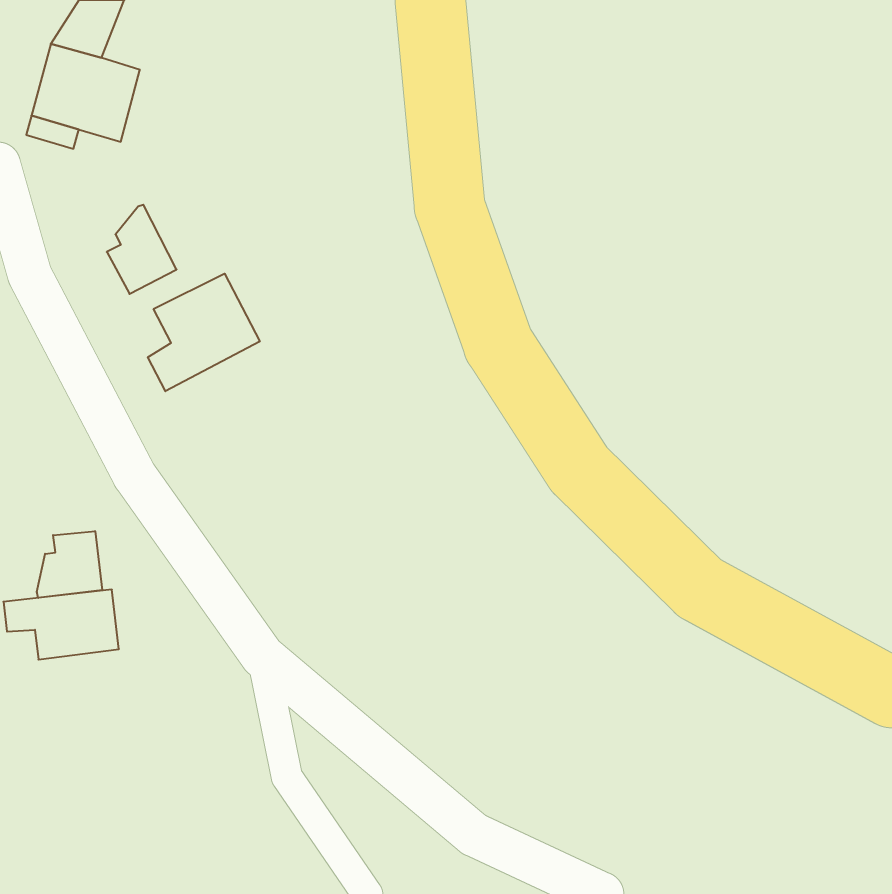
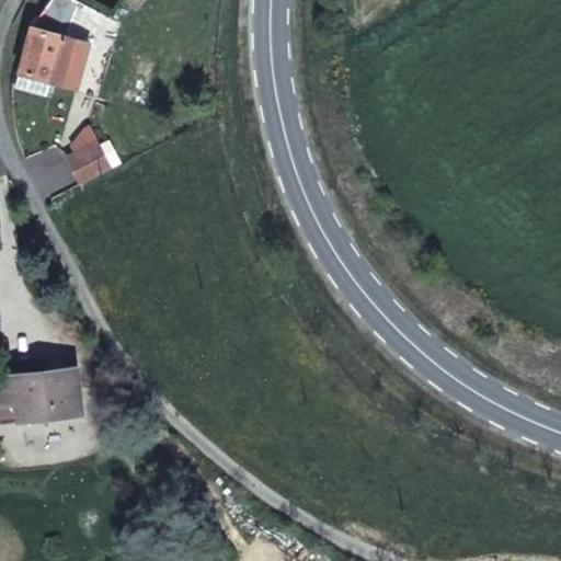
building: [148,274,260,391] -> none
building: [37,531,102,598] -> none

